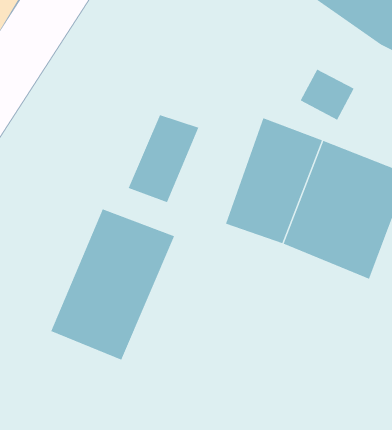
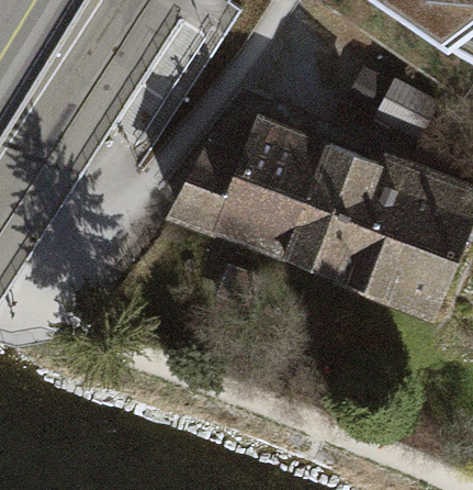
building: none -> [215,118,320,257]
building: [50,208,175,361] -> none

